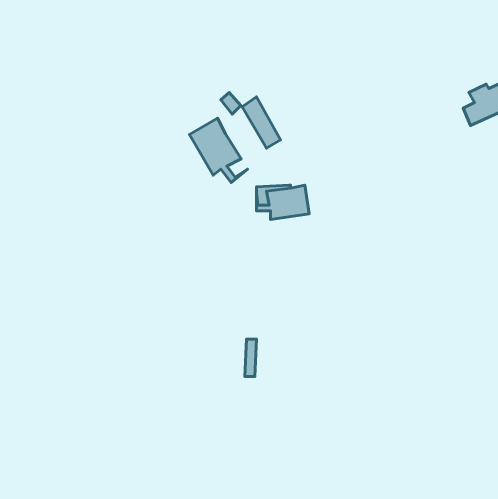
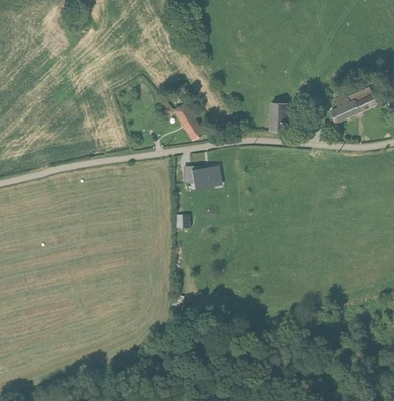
building: none -> [271,101,289,131]
building: [190,118,247,183] -> none

